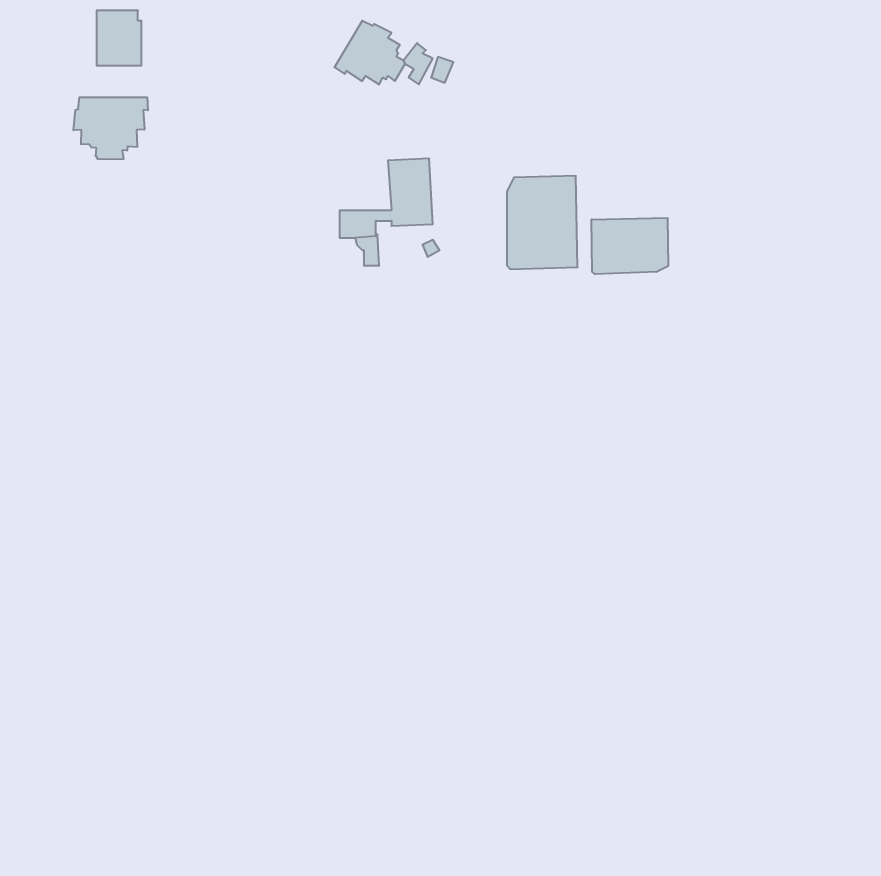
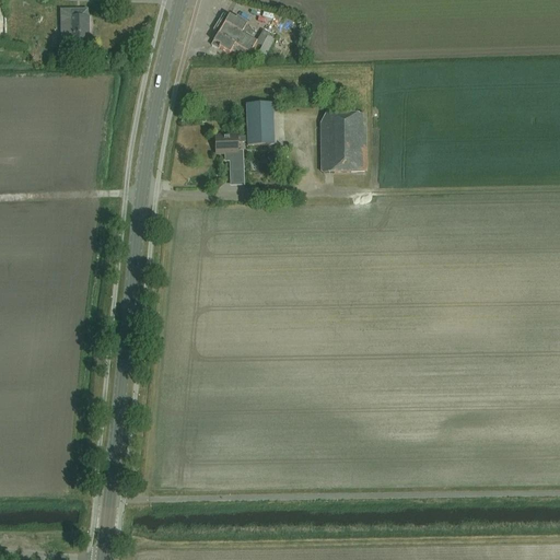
building: [74,97,148,159] -> none
building: [592,218,668,274] -> none

